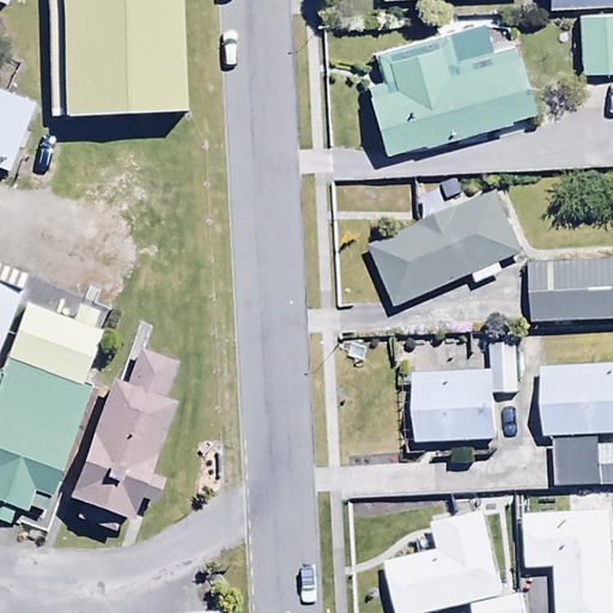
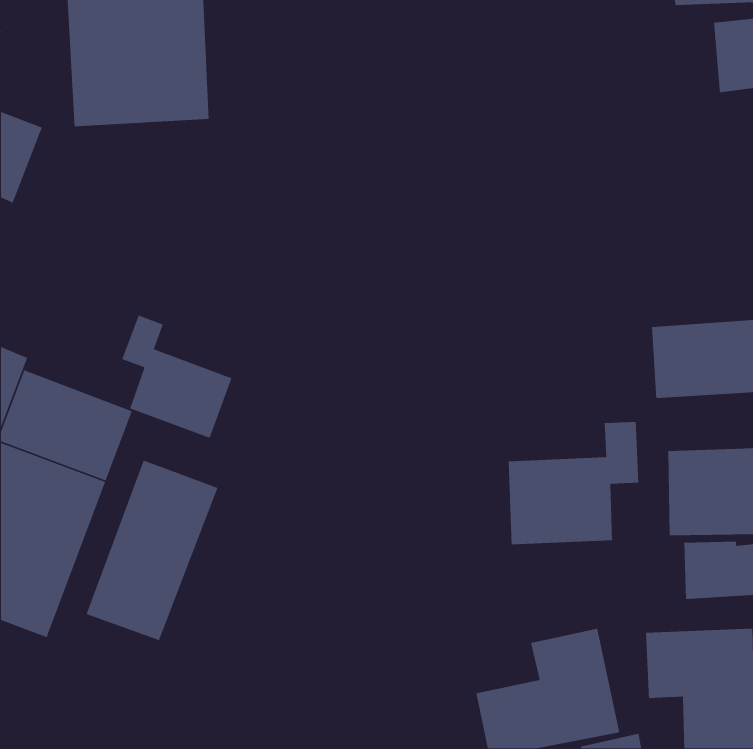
building: [366,23,533,156] -> none
building: [369,192,520,306] -> none
building: none -> [121,314,232,439]

